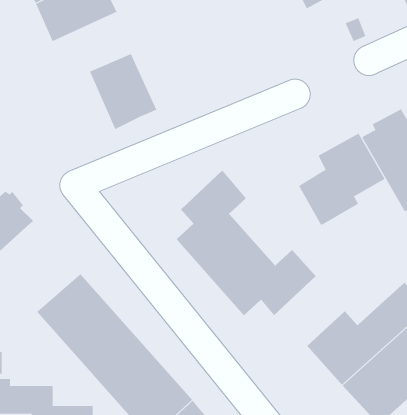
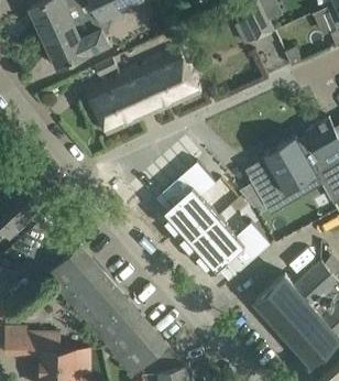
building: none -> [119,50,199,120]

